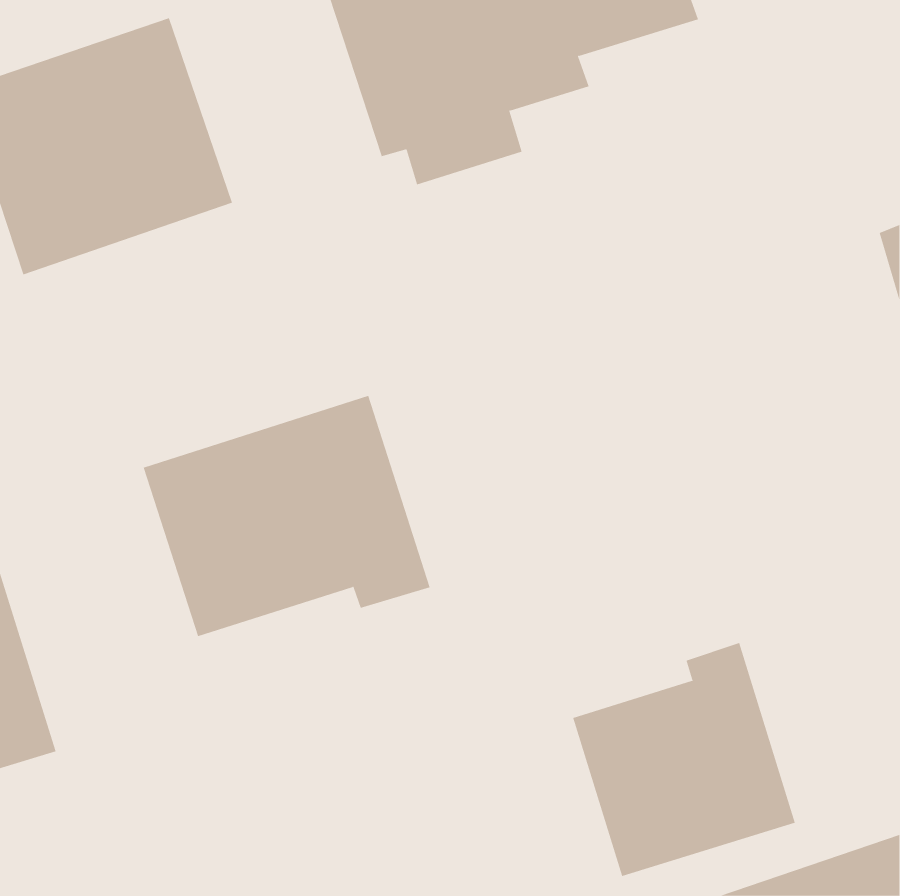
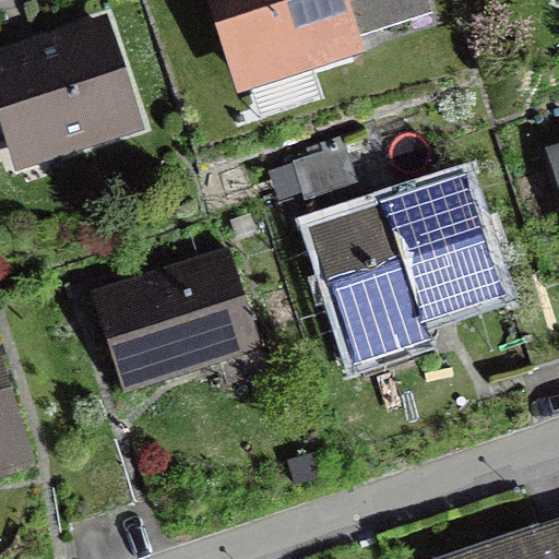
building: none -> [307,171,504,366]
building: [573,642,795,877] -> none

